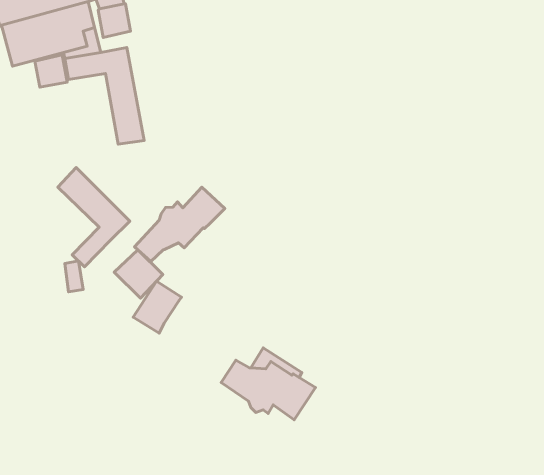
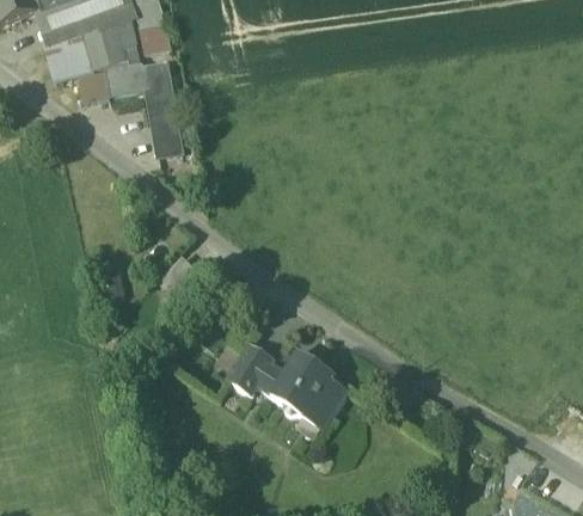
building: [58,168,130,267] -> none
building: [135,187,225,261] -> none
building: [133,281,181,333] -> [227,345,274,395]

